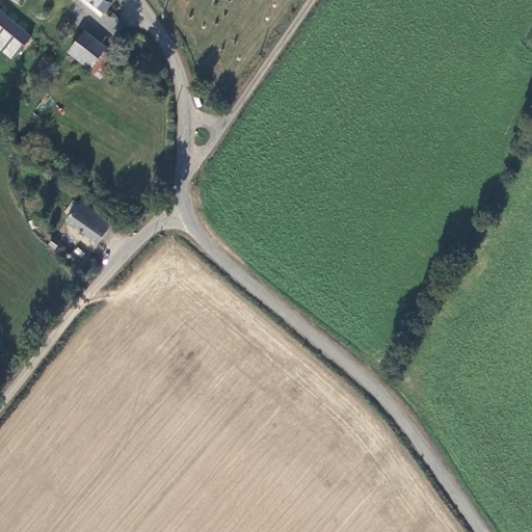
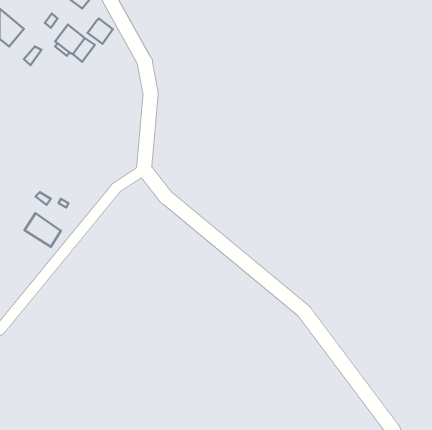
building: none -> [88,19,113,44]
building: [64,201,109,242] -> [25,213,61,247]

